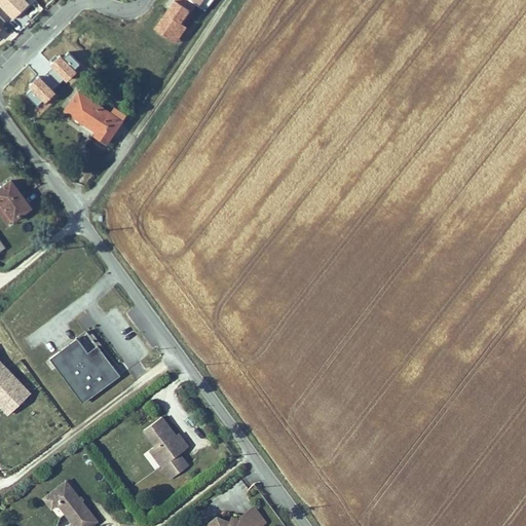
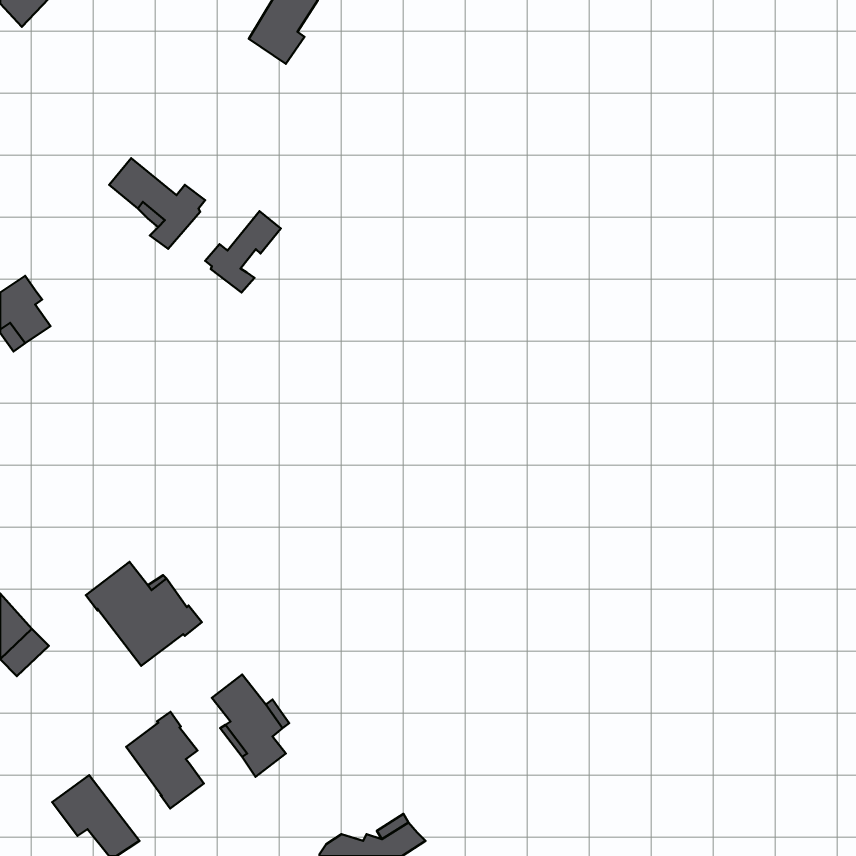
building: [26,48,84,105] -> none
building: none -> [205,211,281,292]
building: none -> [126,712,204,808]

